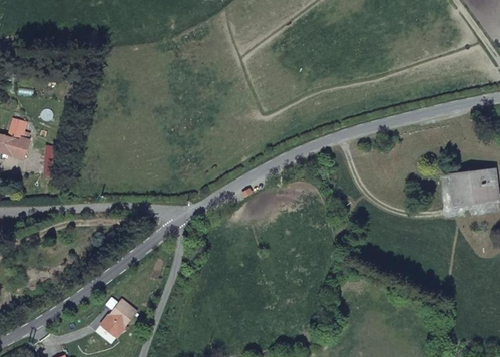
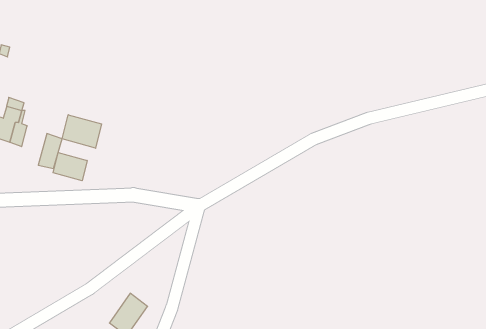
building: none -> [62,115,102,148]
building: none -> [53,153,87,181]

